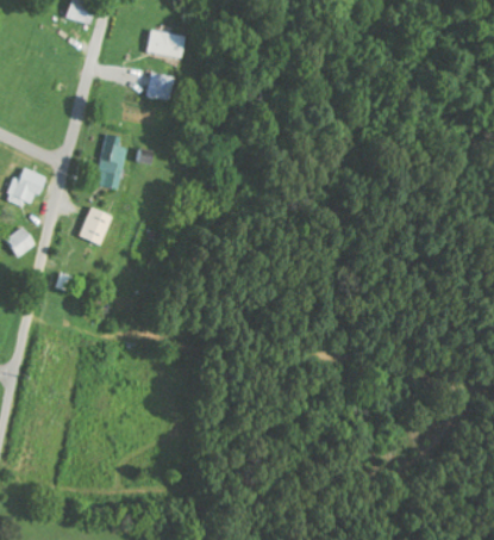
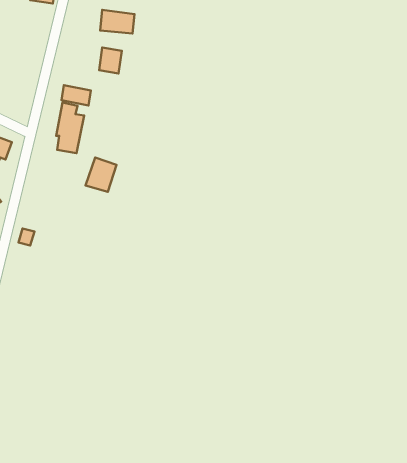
building: none -> [62,85,91,105]
building: [79,206,113,244] -> [85,157,117,192]

